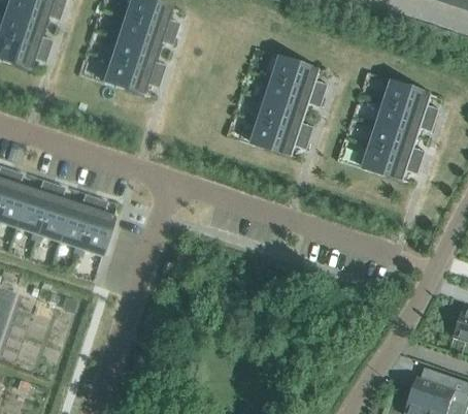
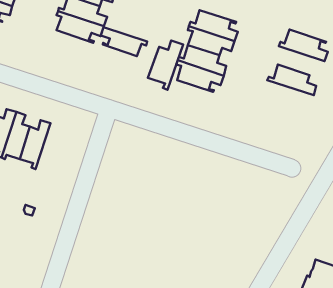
building: none -> [101,27,147,56]
building: none -> [148,40,183,90]
building: [377,100,435,136] -> none
building: [363,142,422,182] -> none
building: [77,196,115,254] -> none

